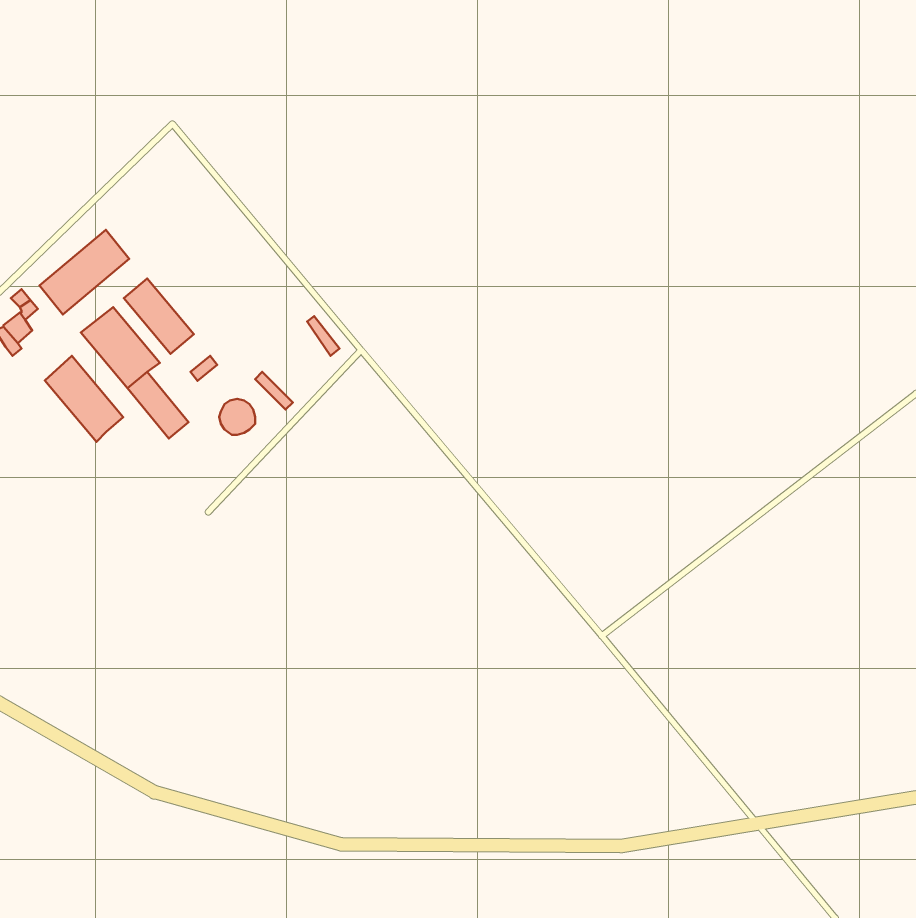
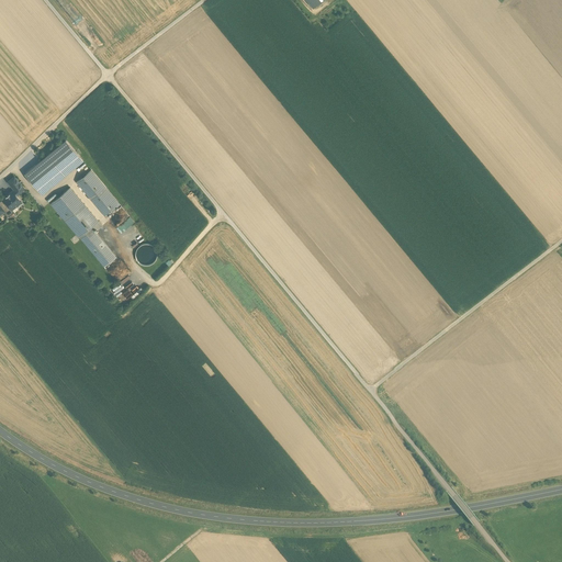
building: [45,356,123,442] -> none

